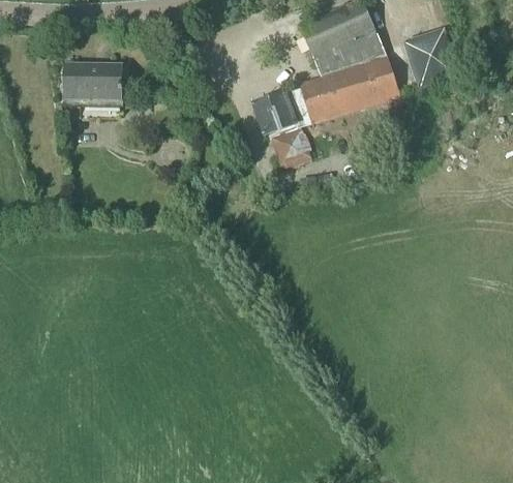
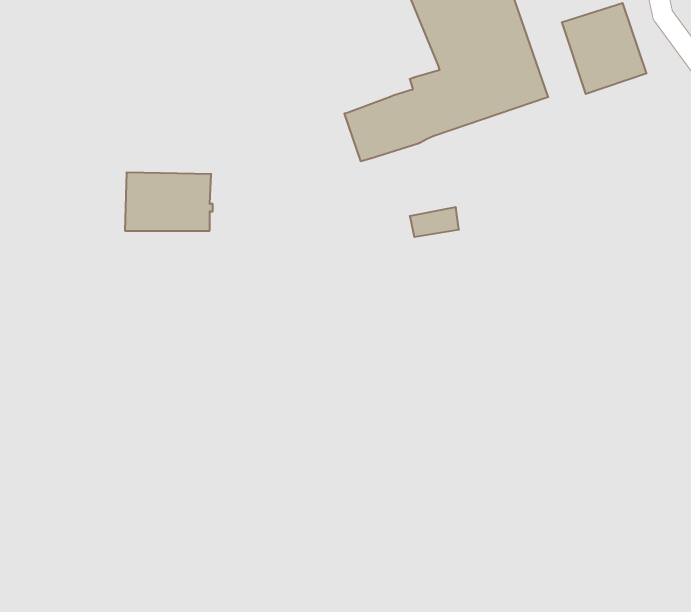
building: [64,62,125,102] -> [125,173,213,231]
building: [272,127,314,168] -> none

